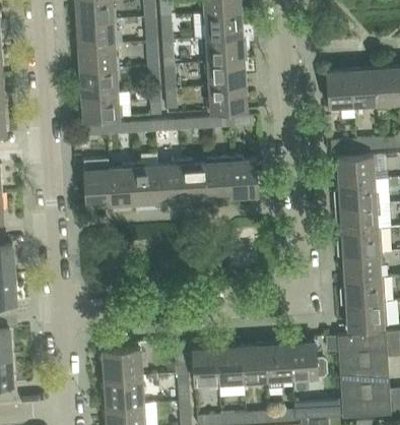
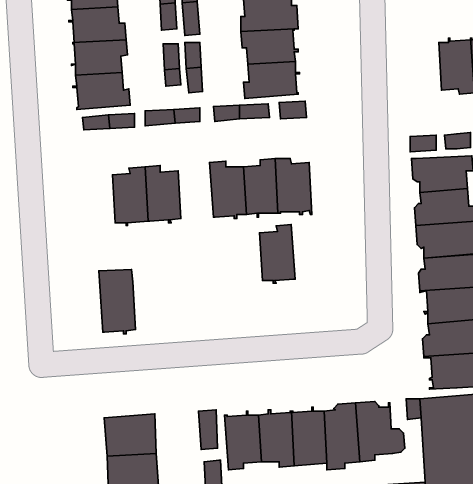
building: [327,69,354,112] -> none
building: [84,161,112,208] -> [99,269,136,334]
building: [158,161,185,204] -> [260,225,295,283]

